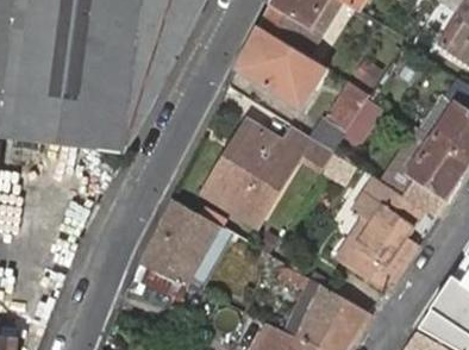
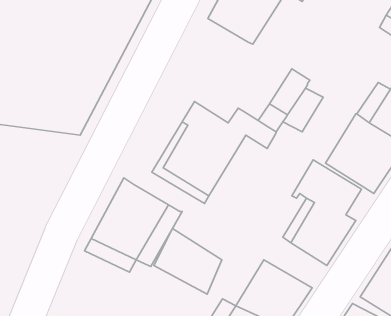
building: [238,29,325,107] -> none
building: none -> [154,228,222,294]

